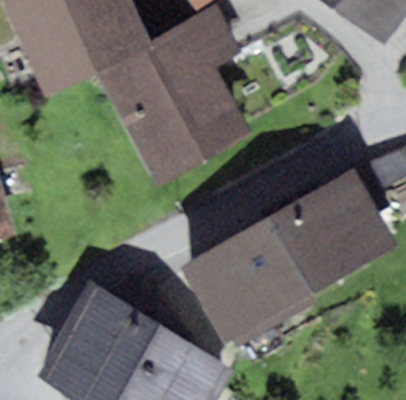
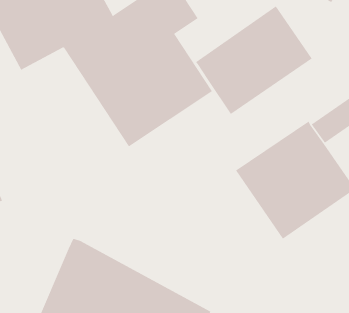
building: none -> [195,6,313,115]
building: [183,218,316,348] -> none

